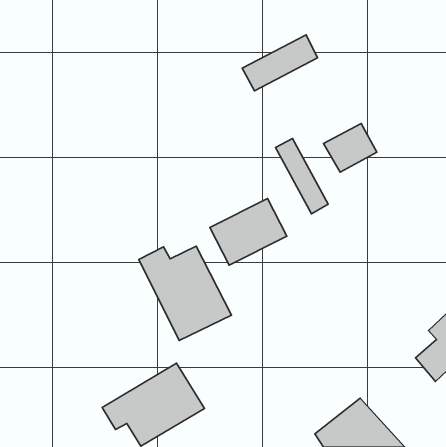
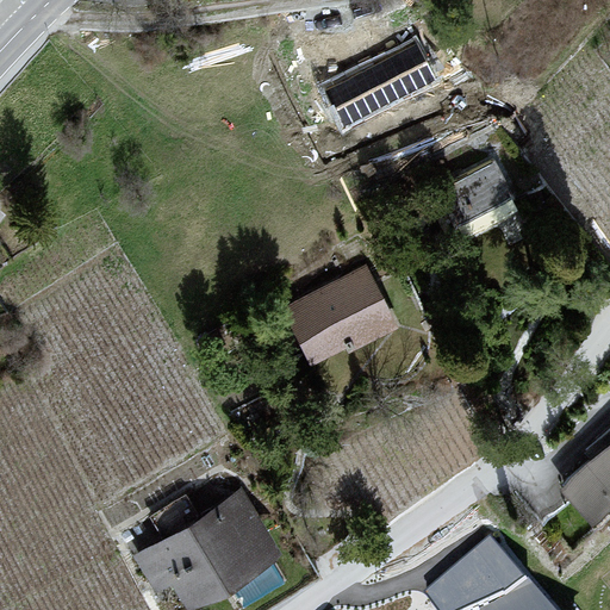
building: [275,139,328,214] -> none
building: [139,246,231,340] -> none

